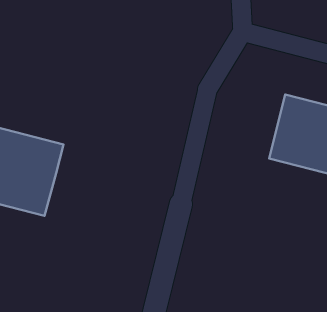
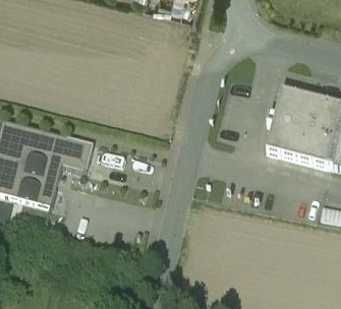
building: none -> [62,140,93,174]

